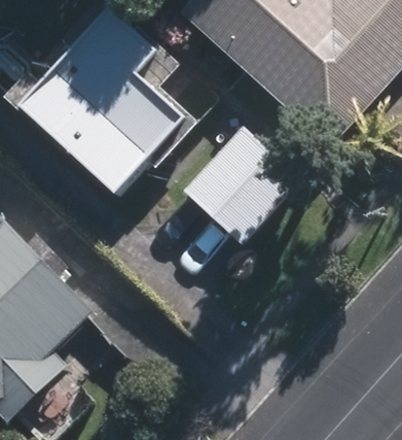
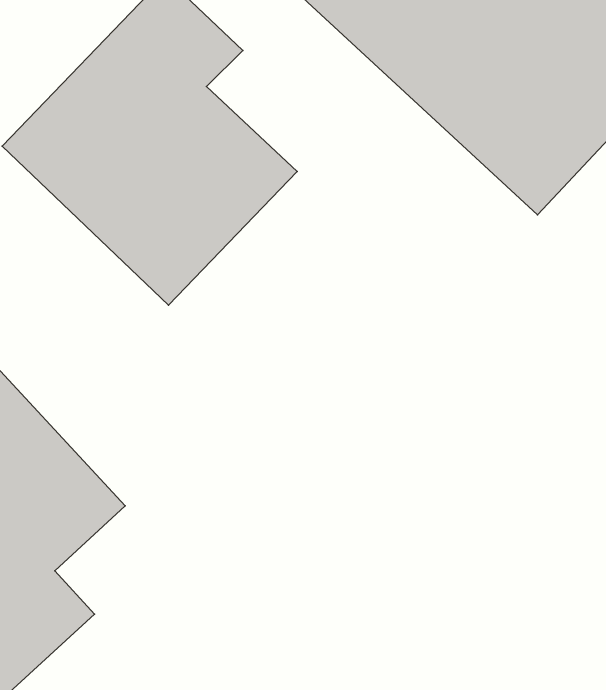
building: [184,128,295,238] -> none

